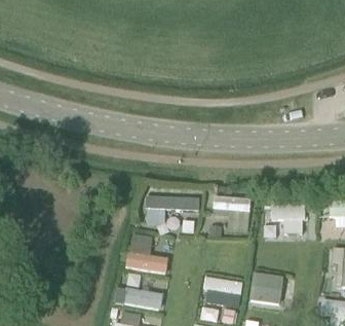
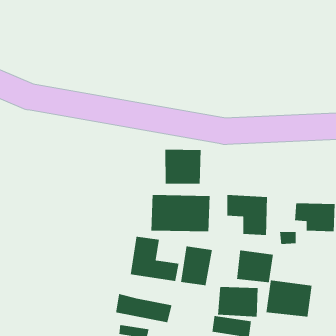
building: none -> [164,149,202,184]
building: none -> [180,246,213,286]
building: none -> [236,249,274,283]

